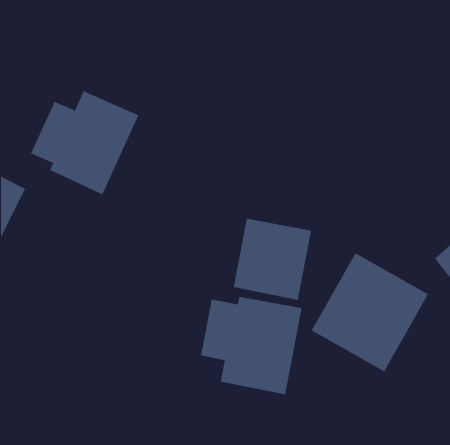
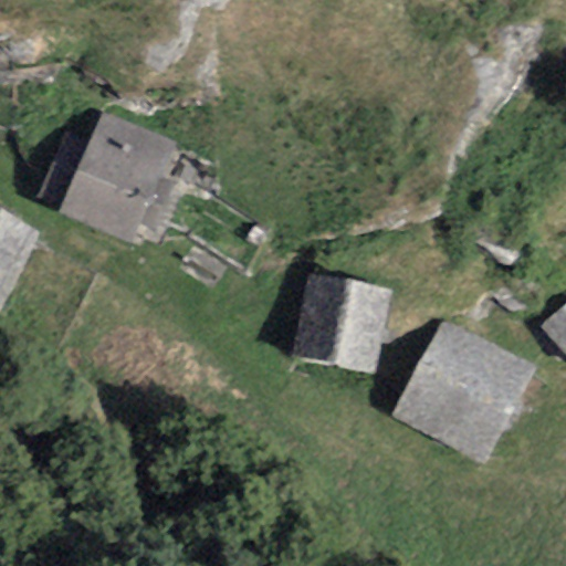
building: [201,296,302,395] -> none

